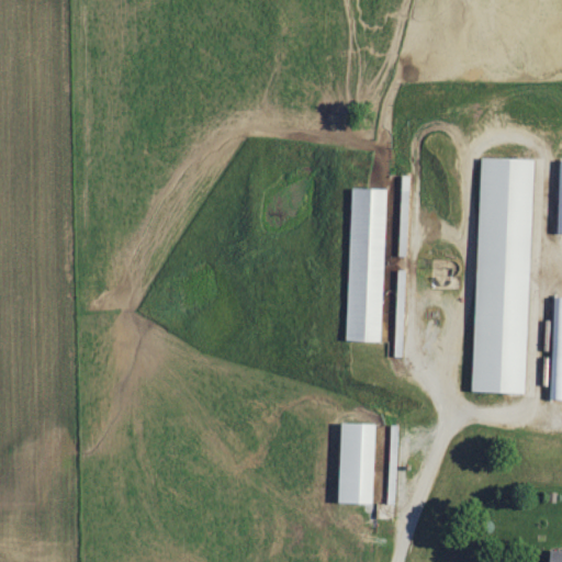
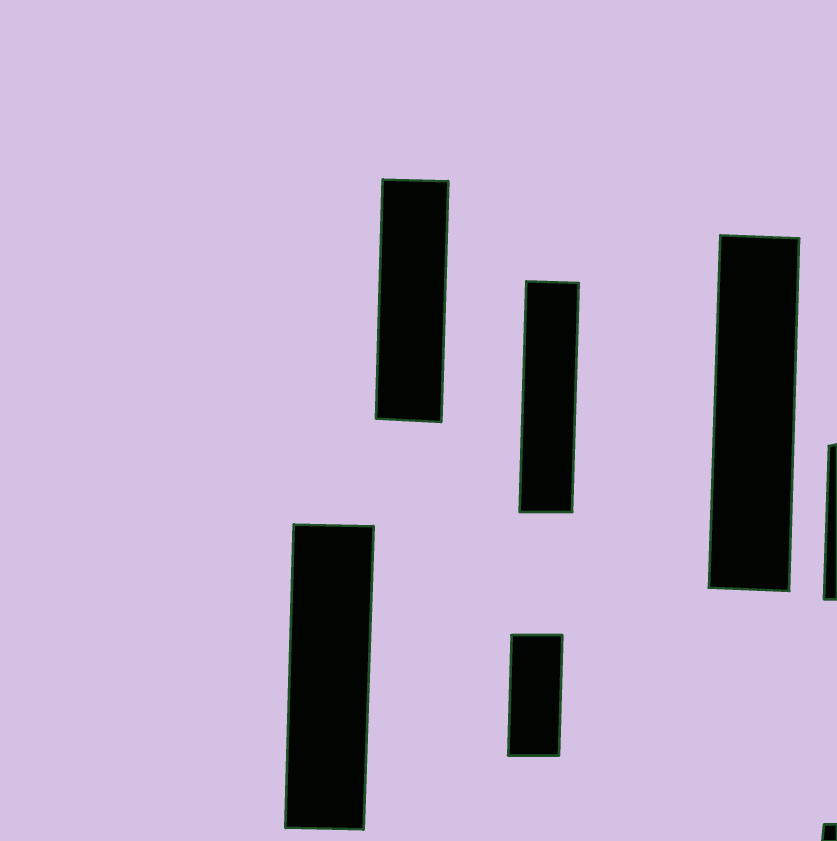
building: none -> [376,179,448,422]
building: none -> [286,524,373,830]

